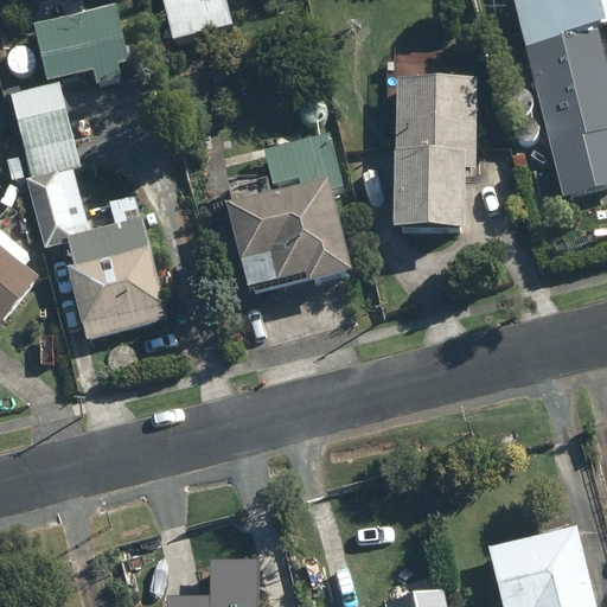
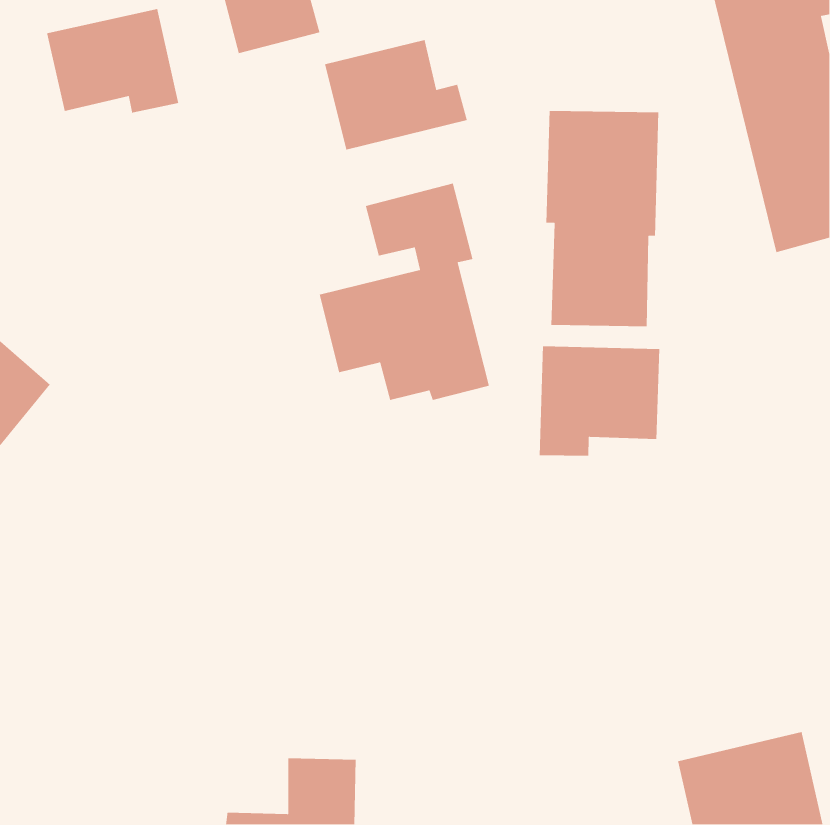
building: none -> [324,39,468,151]
building: [12,82,165,339] -> none
building: none -> [539,345,660,456]

